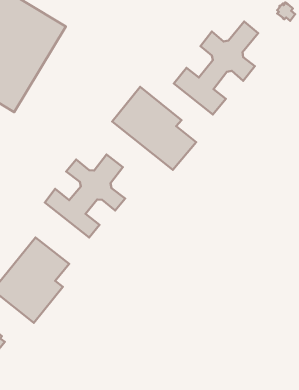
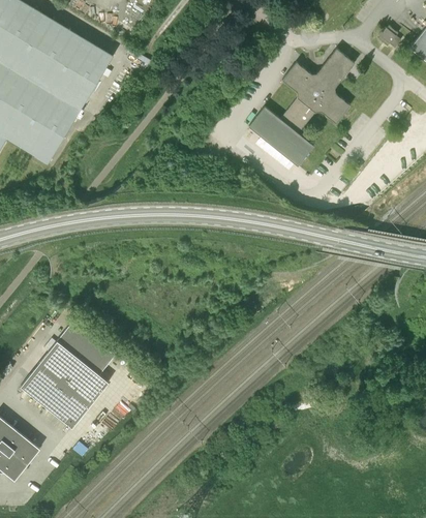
building: [112,87,196,170] -> none
building: [45,155,125,238] -> none

